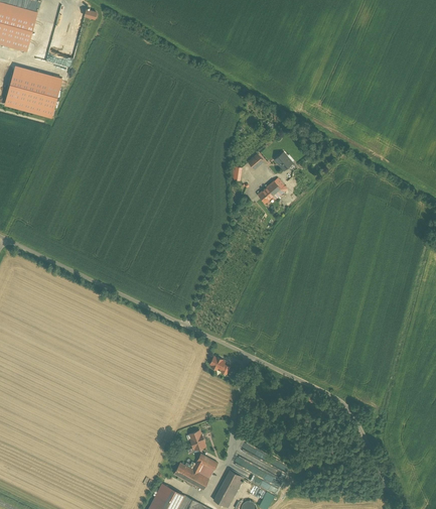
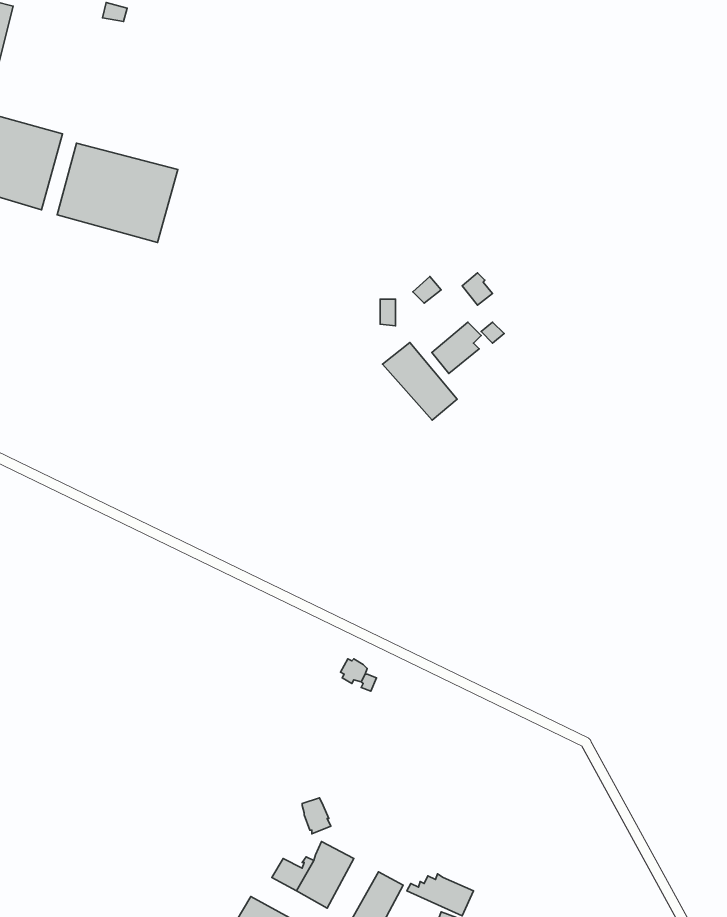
building: none -> [57,143,178,243]
building: none -> [383,343,457,420]

